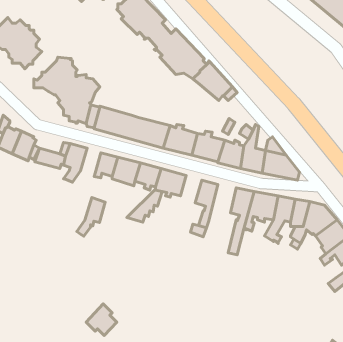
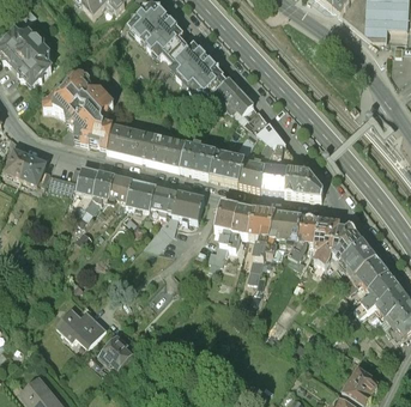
building: none -> [228,202,256,243]
building: [77,197,105,236] -> [84,164,114,205]
building: none -> [55,302,104,340]

